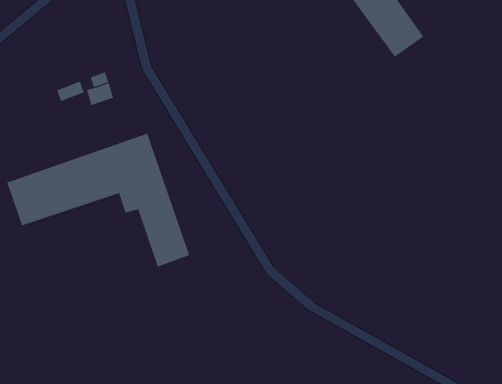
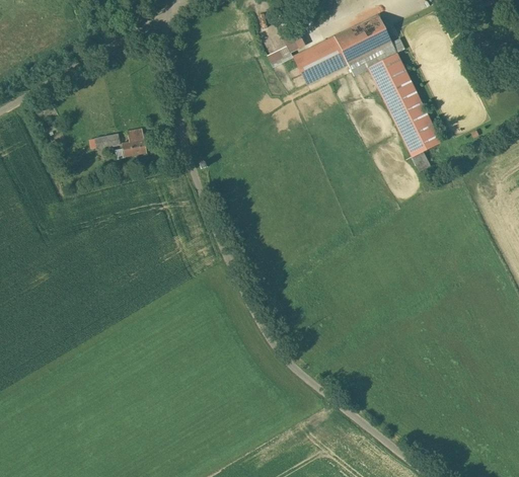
building: [6,133,190,268] -> none

